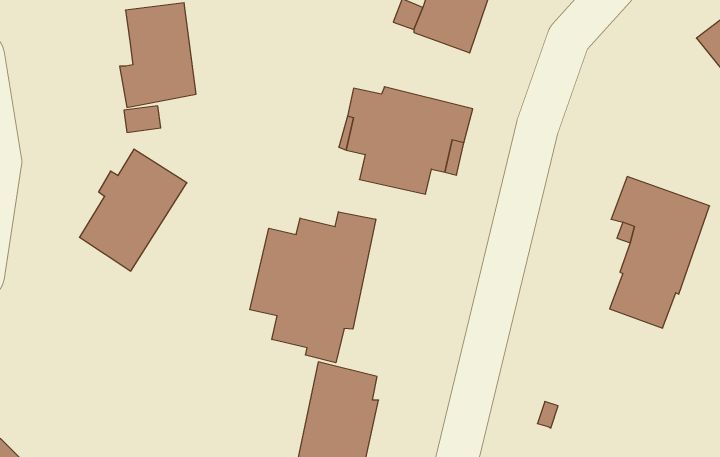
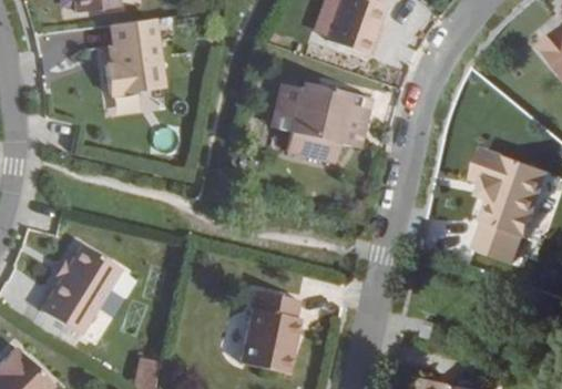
building: [79,149,187,271] -> [40,243,121,335]
building: [250,212,376,363] -> none

